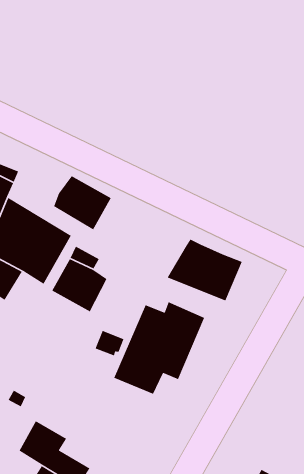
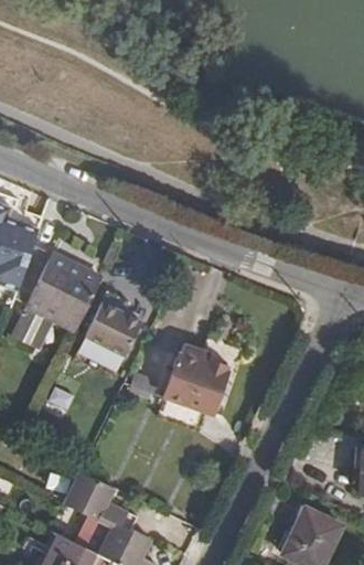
building: [53,175,112,231] -> none
building: [167,239,243,301] -> none

